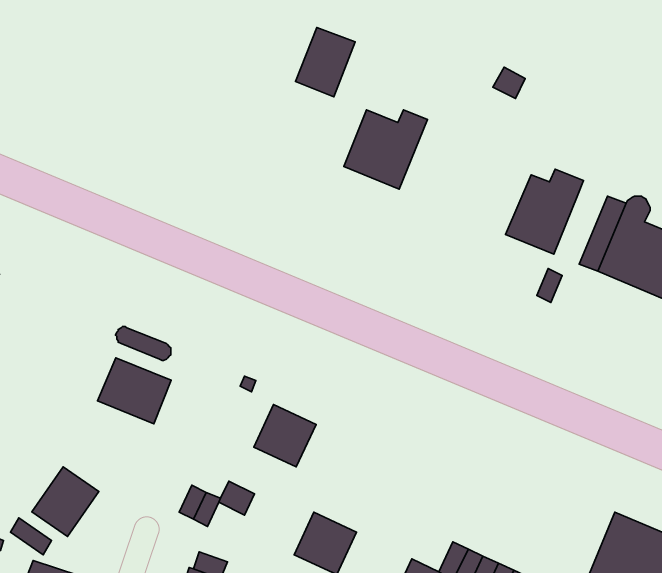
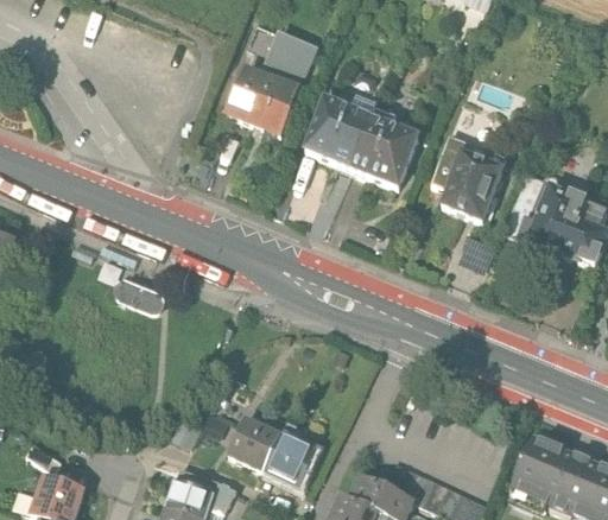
building: none -> [227,66,296,131]
building: none -> [350,107,417,184]
building: [98,358,171,424] -> none
building: [254,405,316,467] -> [227,419,279,471]
building: [32,467,99,537] -> none

